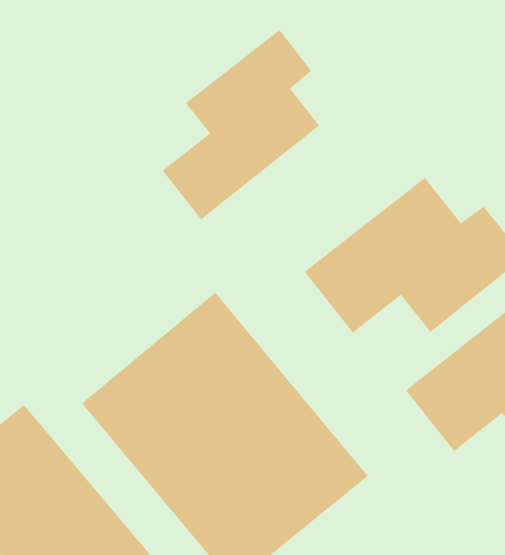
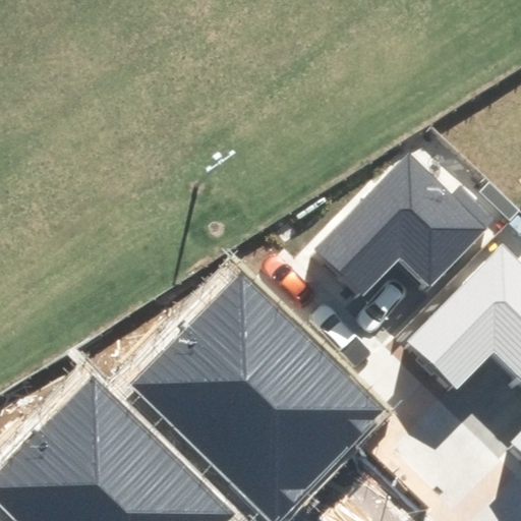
building: [162,29,320,220] -> none

